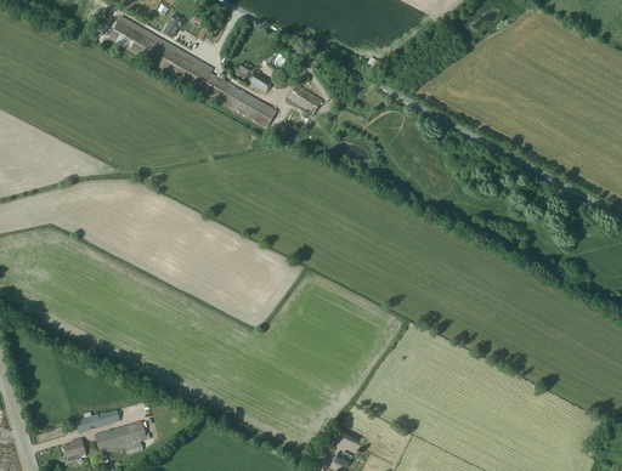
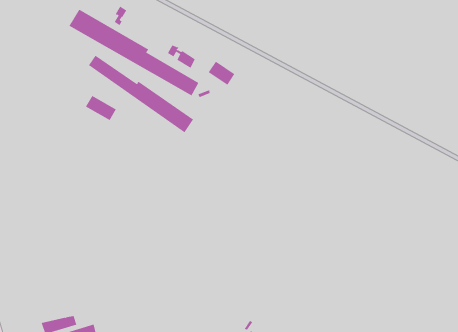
building: none -> [88,55,194,133]
building: none -> [85,95,116,121]

